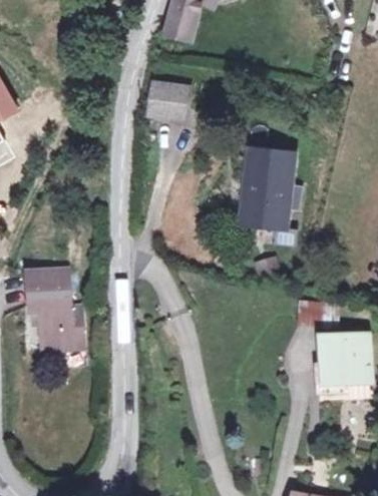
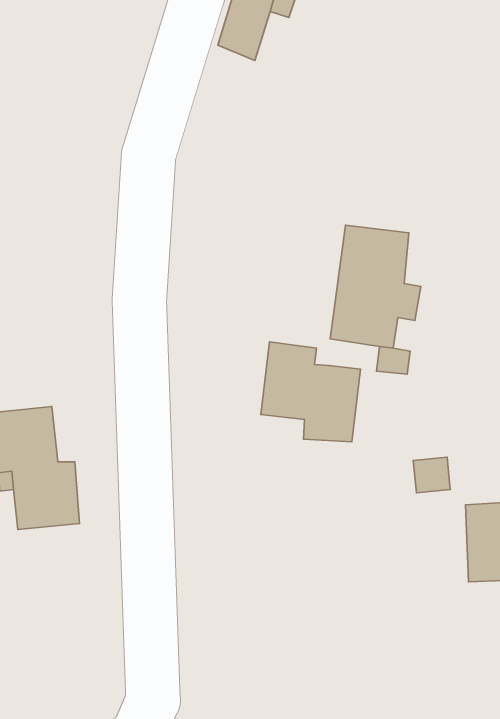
building: [149,82,185,115] -> none
building: none -> [261,342,360,442]

